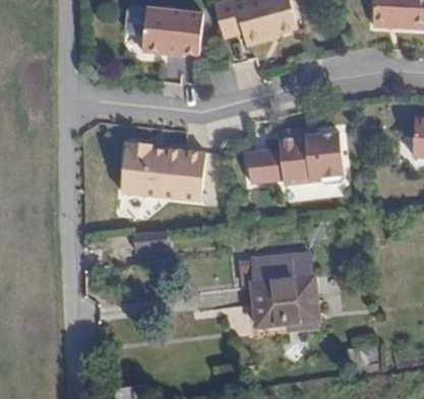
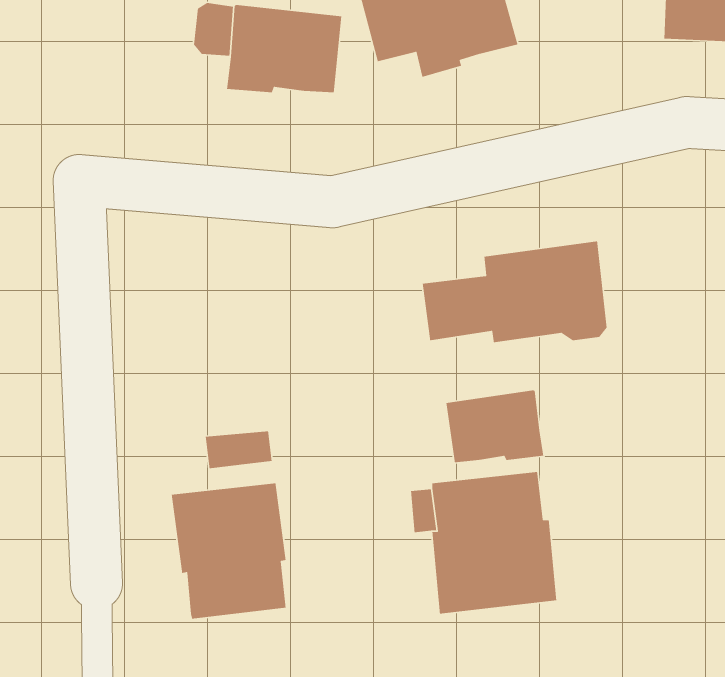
building: [122,142,206,200] -> none
building: none -> [446,389,544,463]
building: none -> [171,482,286,619]

